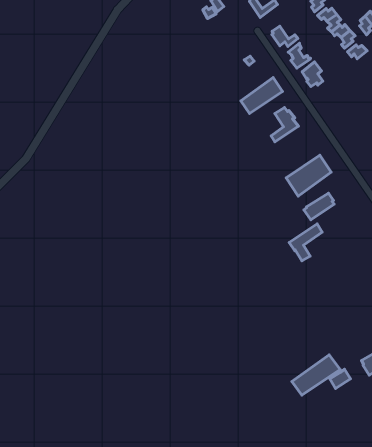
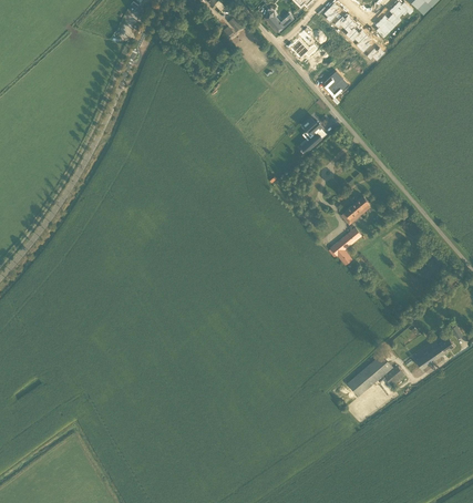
building: [241,77,282,114] -> none
building: [286,155,331,196] -> none

